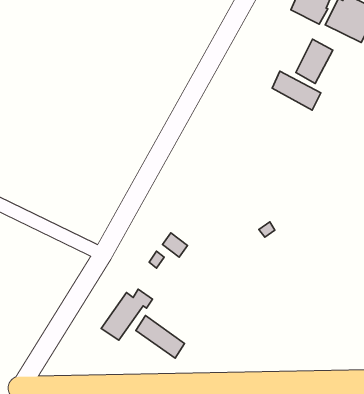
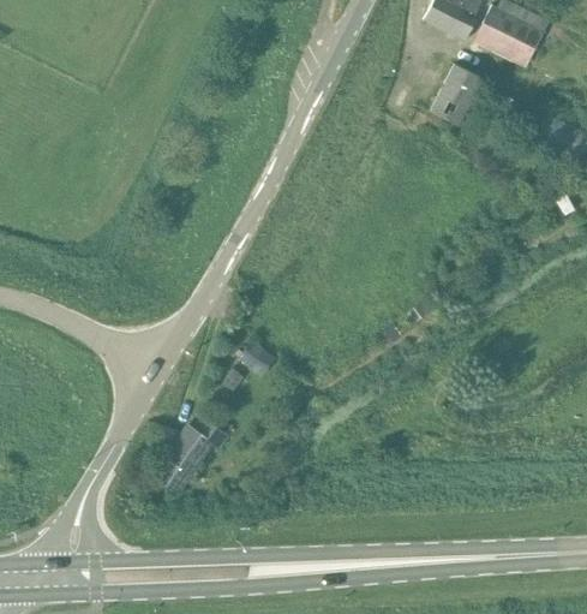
building: [272,71,321,110] -> none
building: [136,316,185,358] -> none

